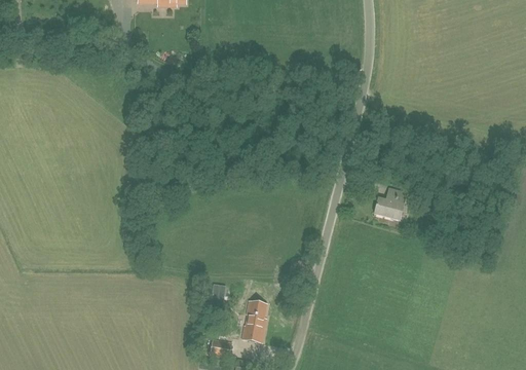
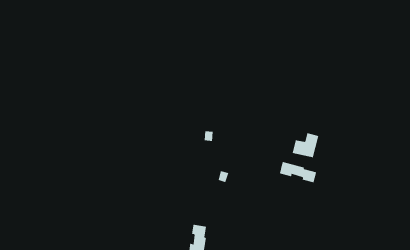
building: none -> [279,161,317,183]

